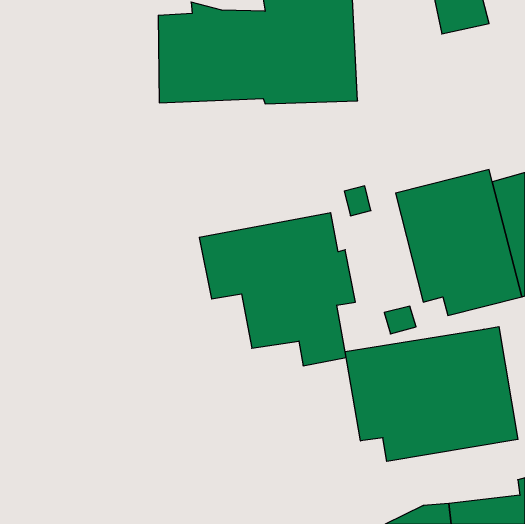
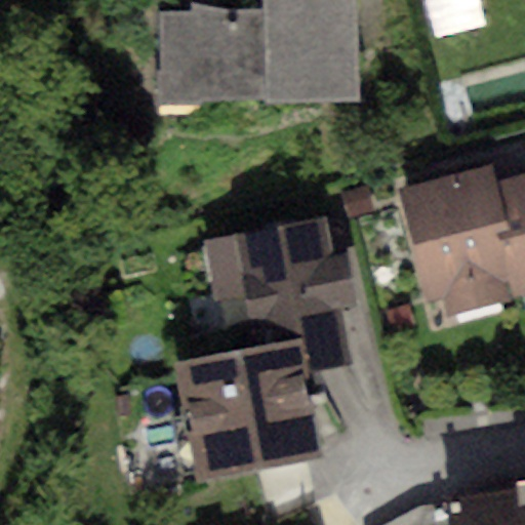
building: [345,327,518,461] -> none
building: none -> [178,340,319,484]

